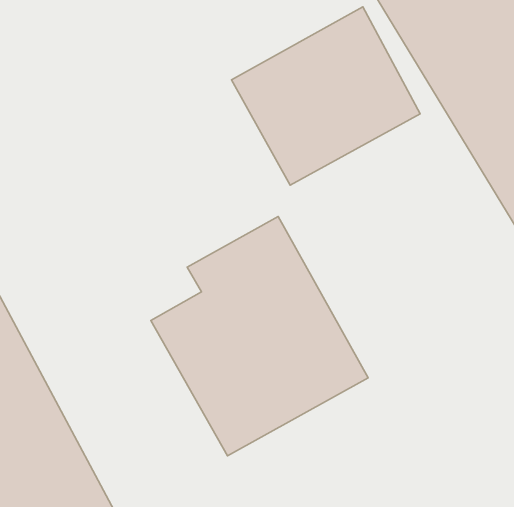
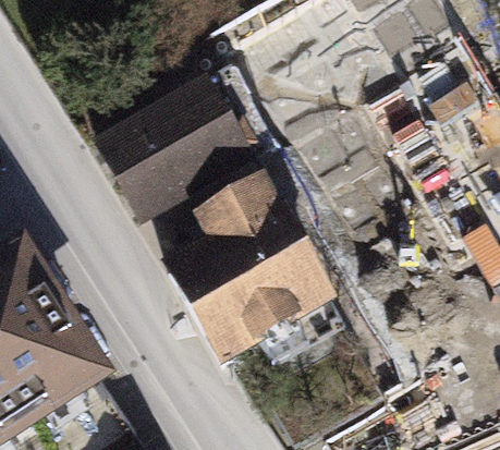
building: none -> [92,77,254,229]

